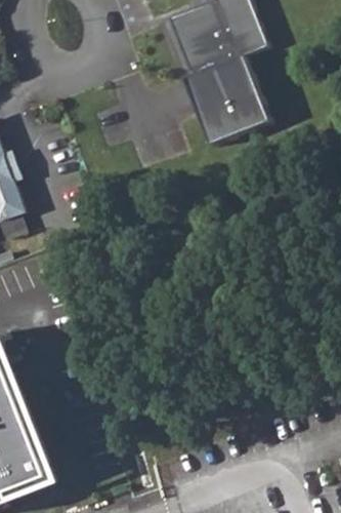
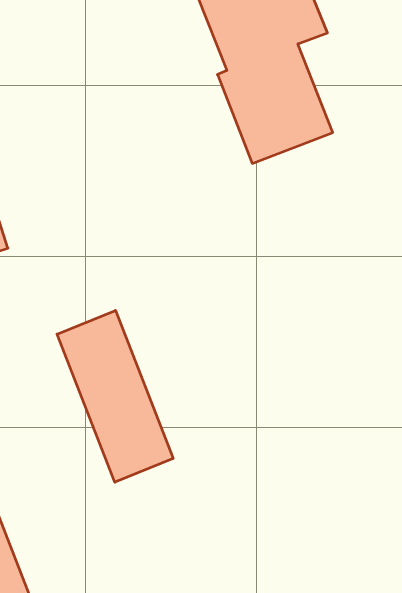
building: none -> [57,310,173,482]

